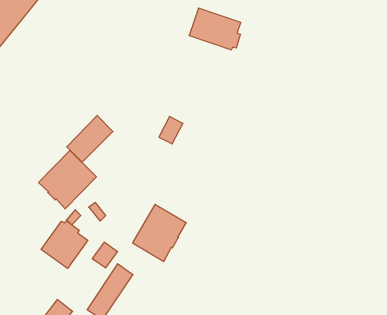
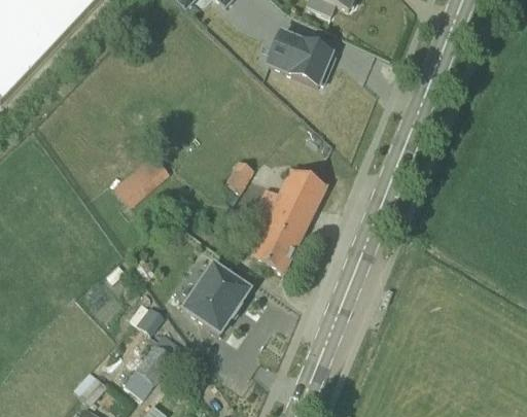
building: none -> [248,167,325,272]
building: [39,150,96,209] -> none
building: [41,221,88,268] -> none

